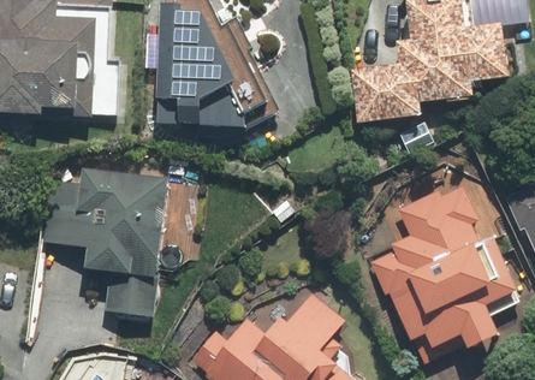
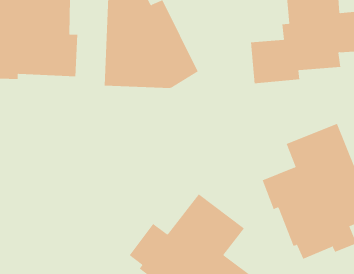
building: [44,170,172,315] -> none

